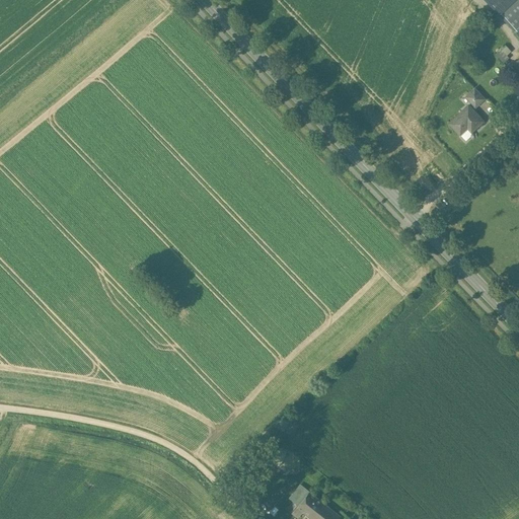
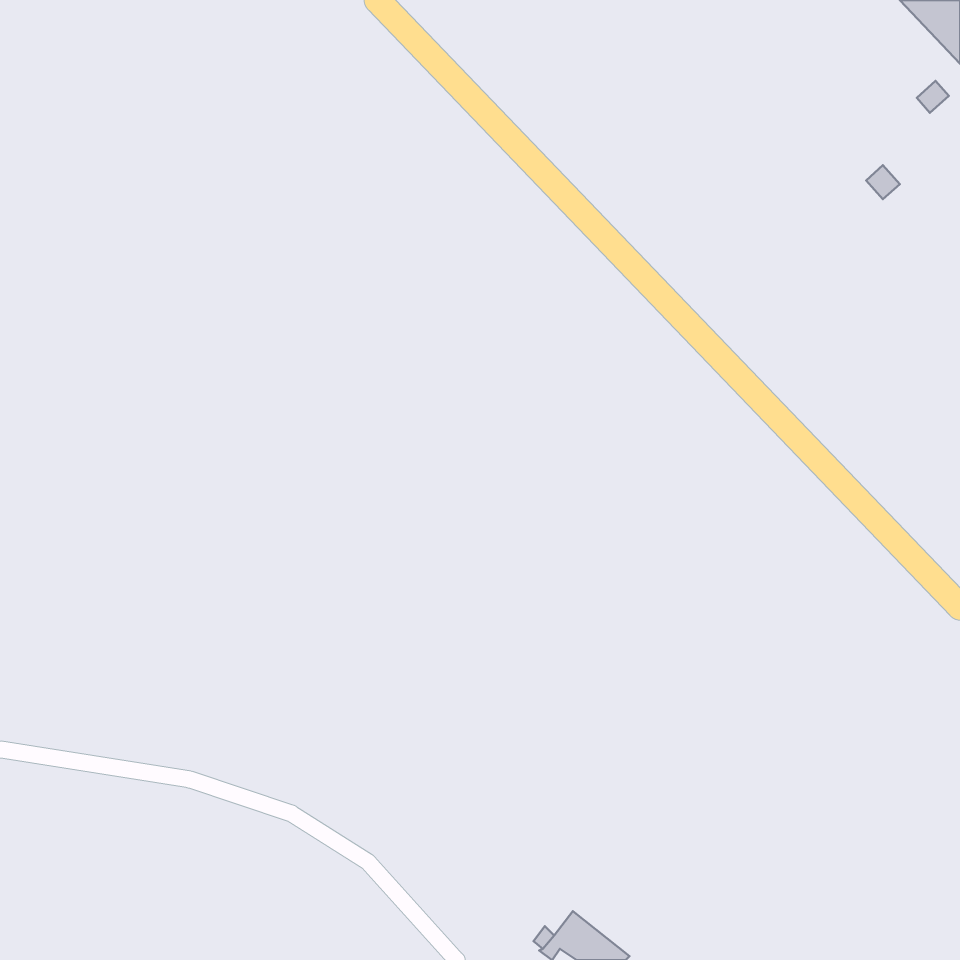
building: [450,106,484,136] -> none

